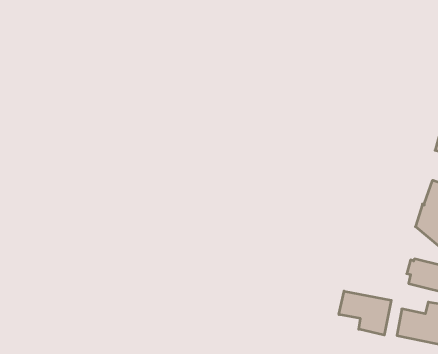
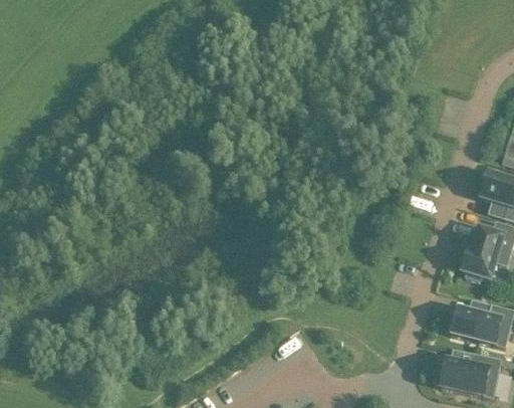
building: [339,291,391,335] -> none

